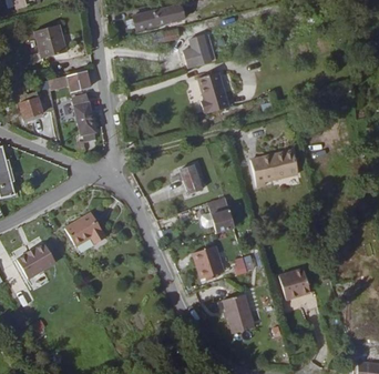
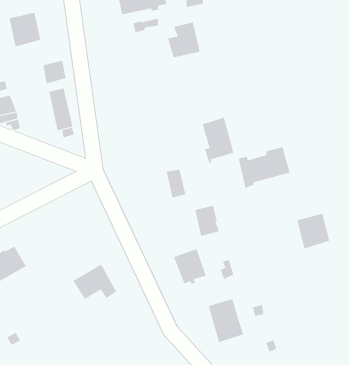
building: [199,71,229,114] -> [202,117,234,164]
building: [61,210,102,243] -> [73,264,117,300]
building: [279,270,310,303] -> [296,213,330,249]

